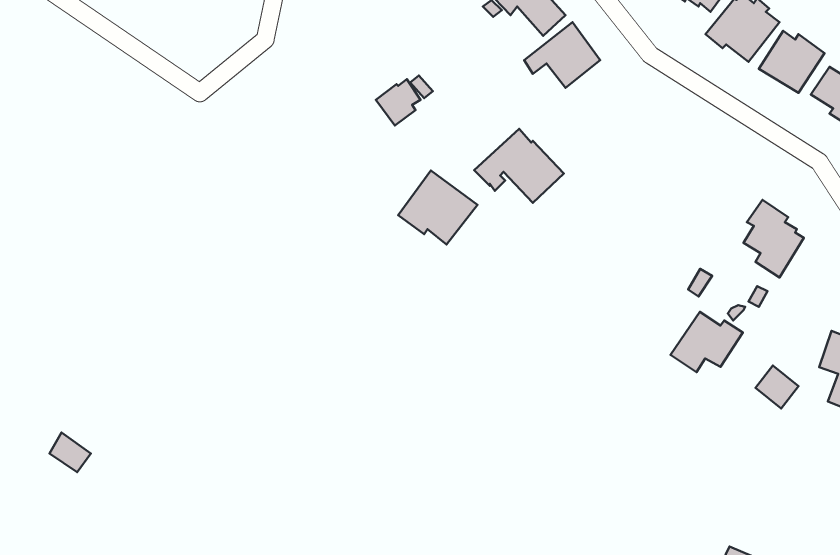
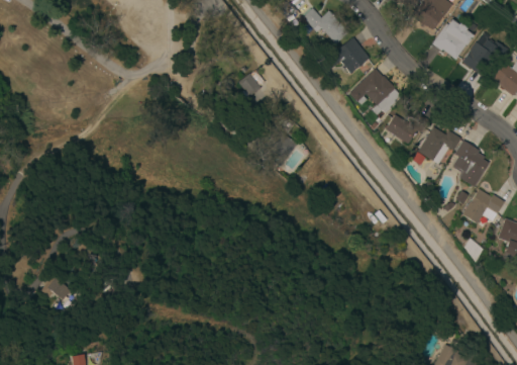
building: [474,129,564,203] -> [348,69,401,112]
building: none -> [385,111,428,145]
building: none -> [417,126,461,164]
building: [671,312,743,372] -> [461,189,504,224]

